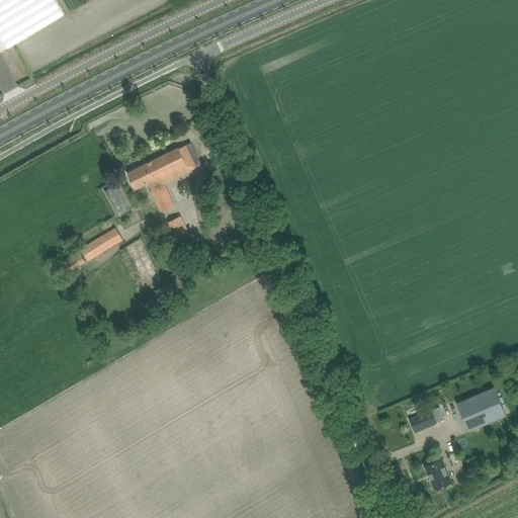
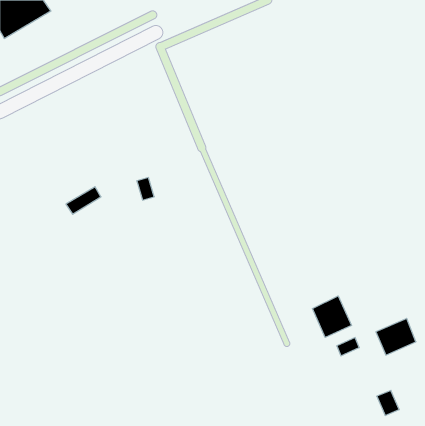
building: [126,143,200,211] -> none
building: none -> [312,296,352,337]
building: [424,458,451,489] -> [377,390,399,415]

